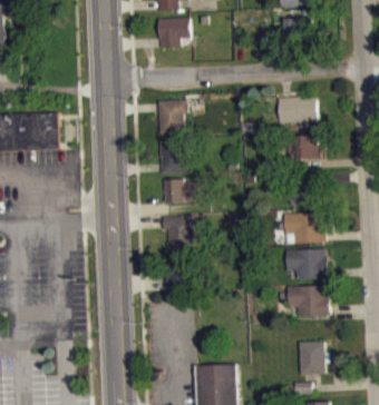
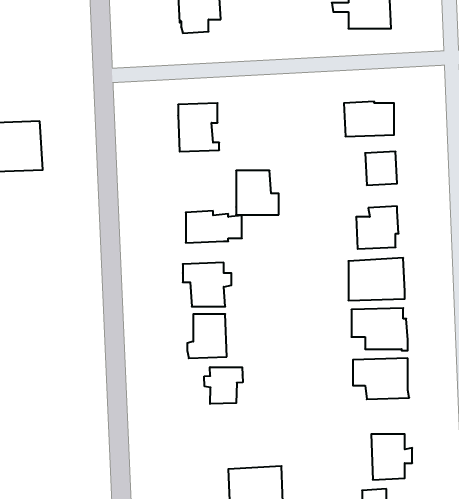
building: [158,141,190,174] -> [236,171,279,215]
building: none -> [204,367,243,404]

